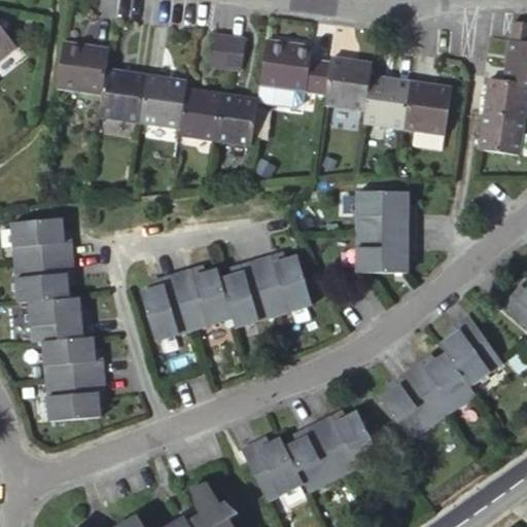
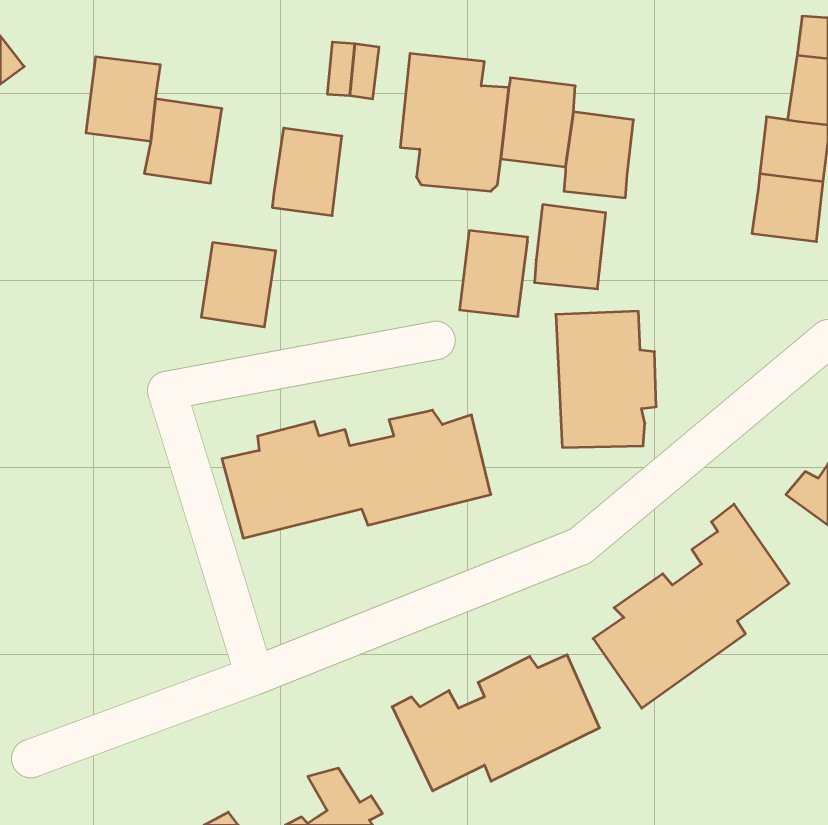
building: [134,69,181,122] -> [201,243,276,327]
building: [397,76,443,130] -> [534,205,606,289]
building: [211,86,254,141] -> [460,231,528,316]
building: [8,213,108,420] -> none

